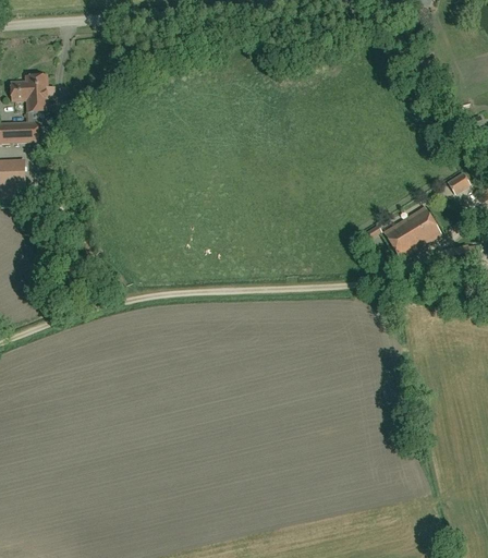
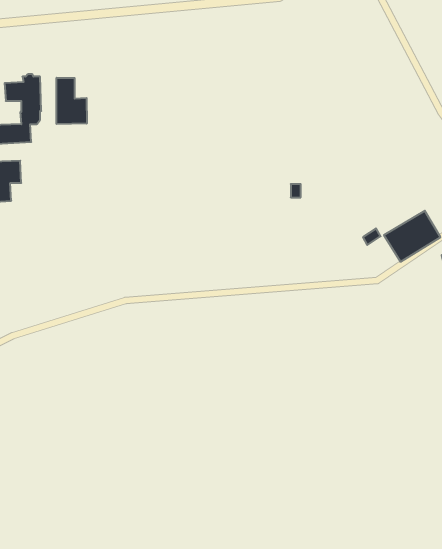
building: none -> [57,78,87,124]

